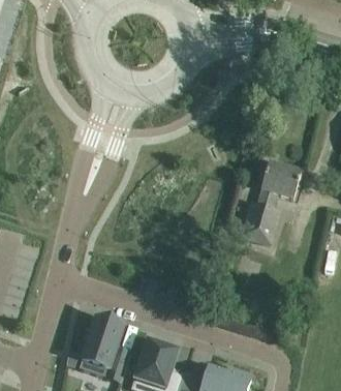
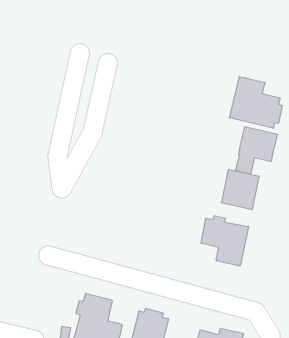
building: none -> [230,76,282,128]
building: none -> [201,216,248,266]

